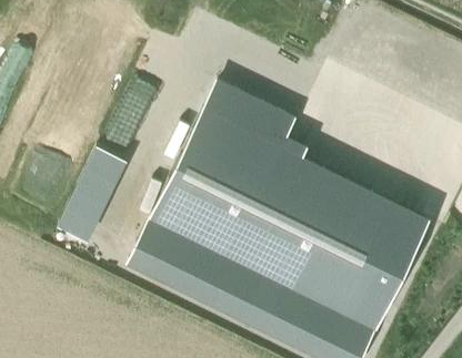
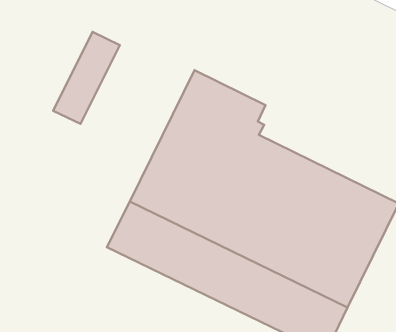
building: [58,150,125,243] -> [53,32,120,124]

